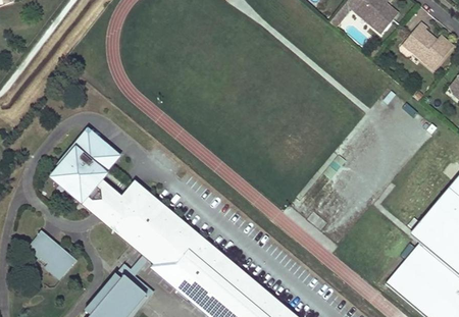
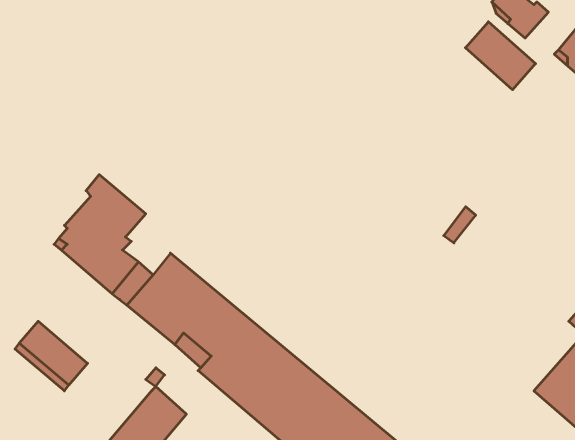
building: none -> [465,22,536,90]

